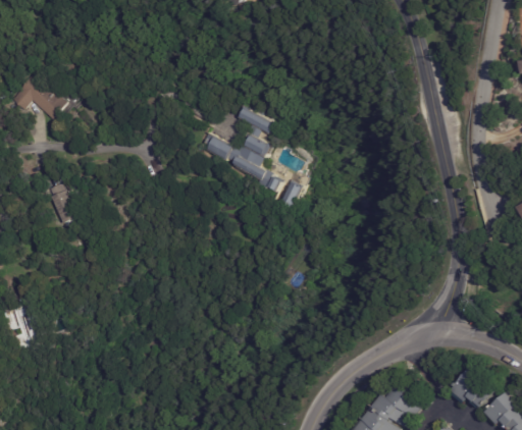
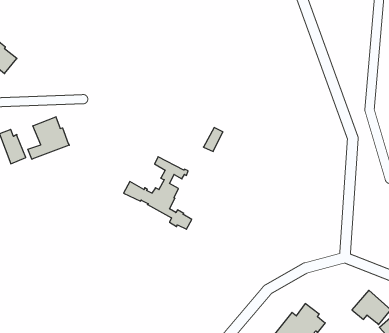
building: [205,108,283,192] -> [124,157,192,229]
building: none -> [28,117,69,159]

